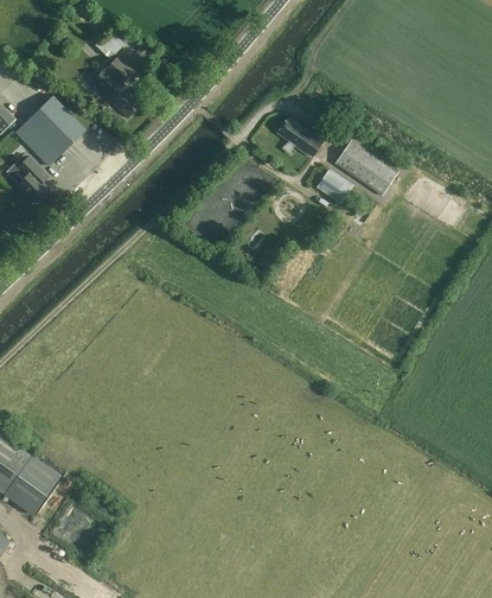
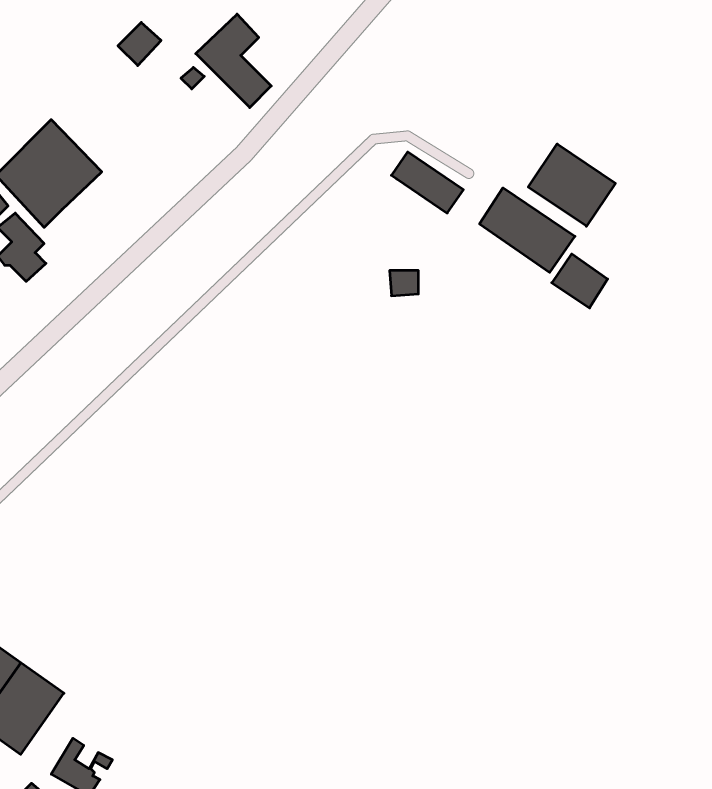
building: [91,56,141,117] -> [196,14,271,108]
building: none -> [528,144,615,226]
building: [315,168,352,204] -> [552,254,608,308]

